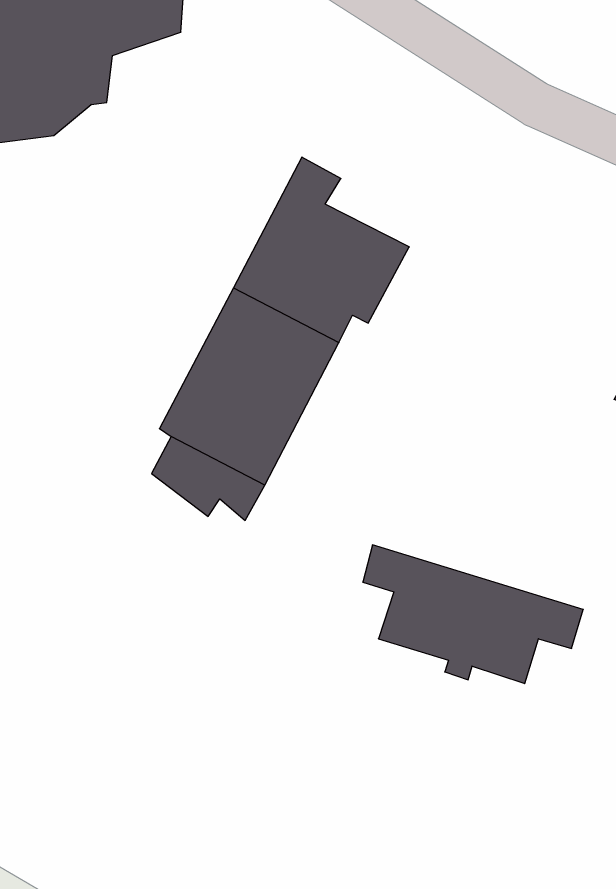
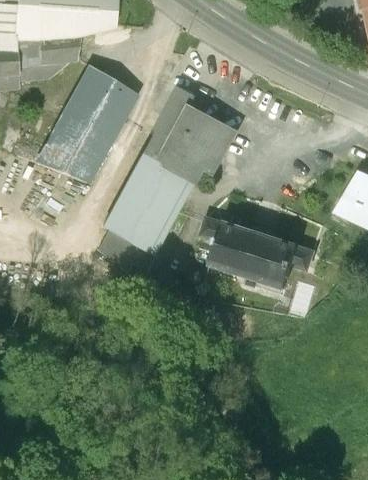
building: none -> [38,66,136,181]
building: [363,545,583,684] -> [201,217,314,288]

